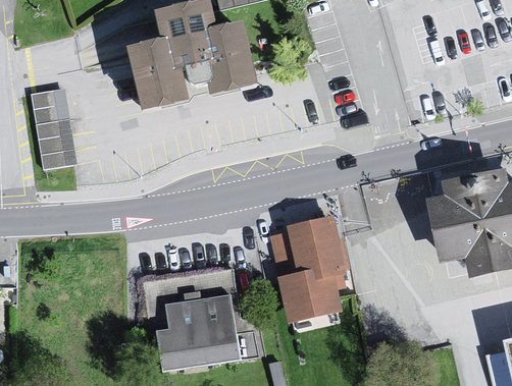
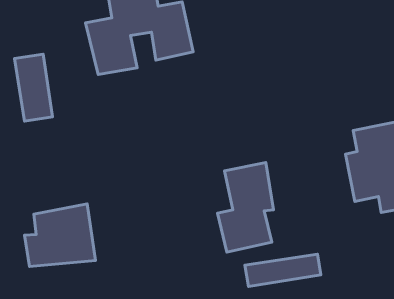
building: [155,293,241,369] -> [24,204,96,266]
building: none -> [245,254,321,287]

